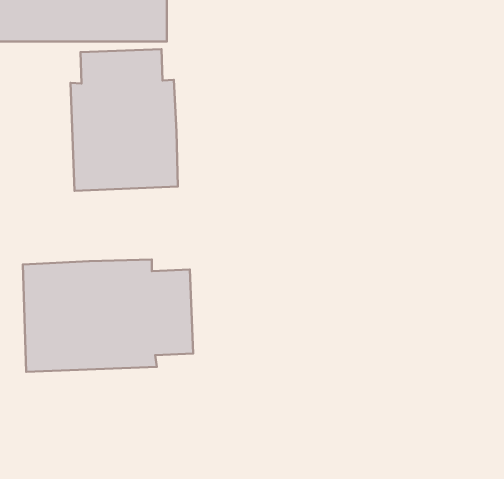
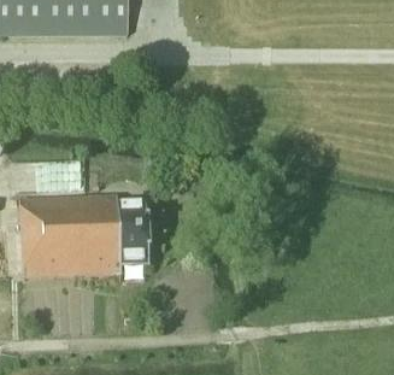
building: [70,49,178,191] -> none

